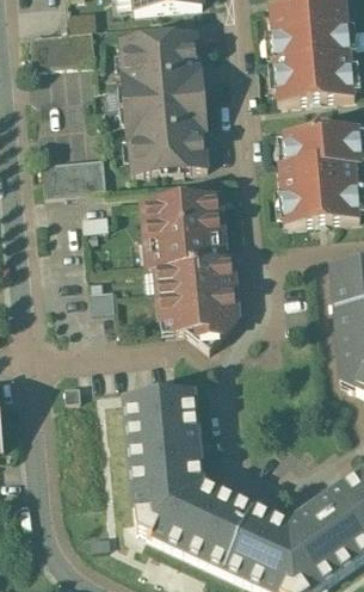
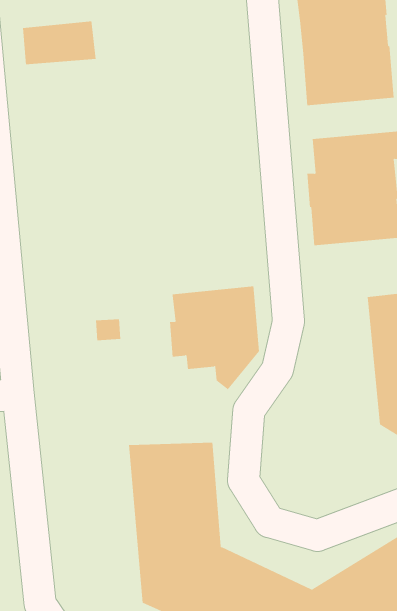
building: [121,31,208,172] -> none
building: [42,155,106,193] -> none
building: [143,193,233,266] -> none

